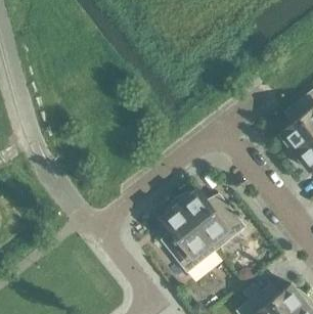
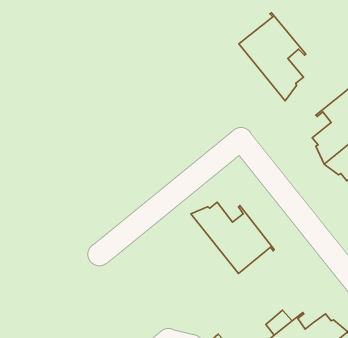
building: none -> [239,13,306,101]
building: [160,198,217,274] -> none

